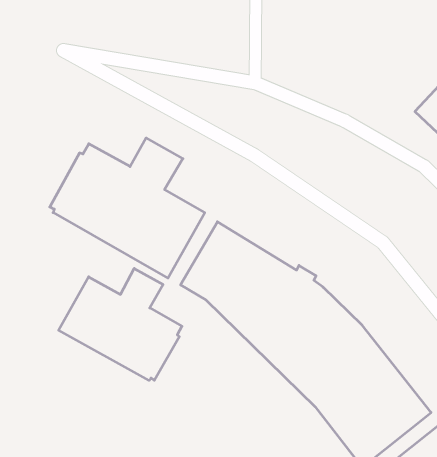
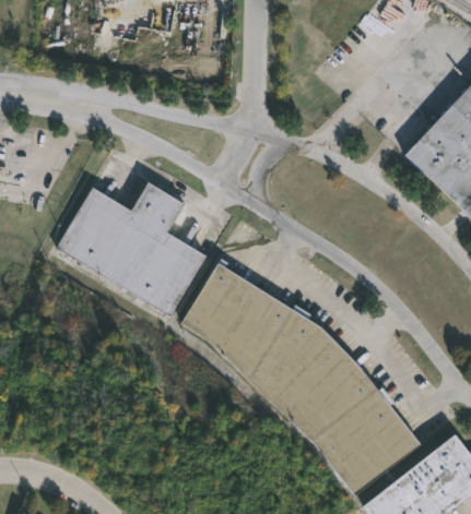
building: [59,268,182,380] -> none

